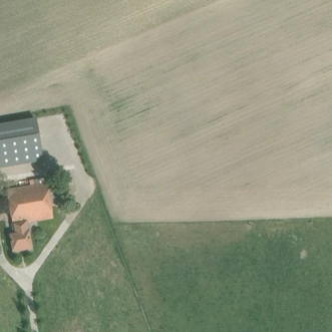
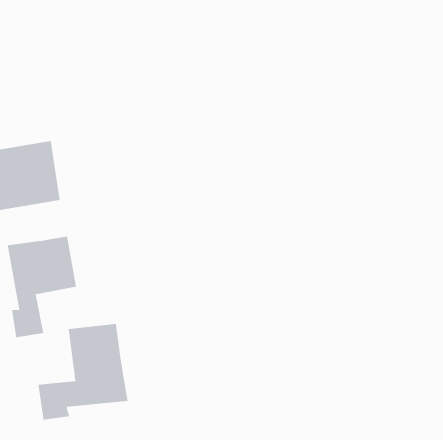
building: none -> [38,323,128,421]

